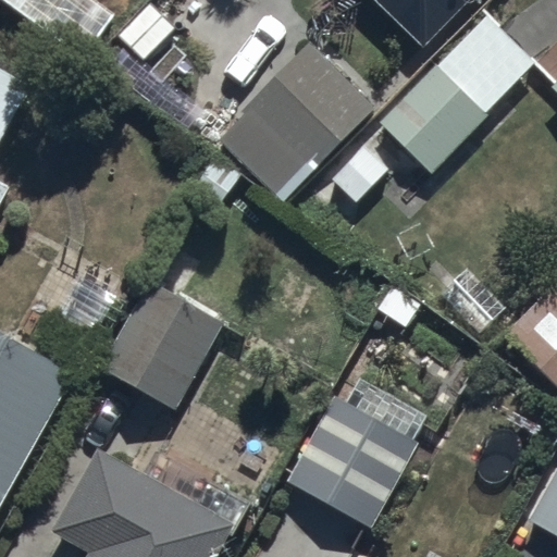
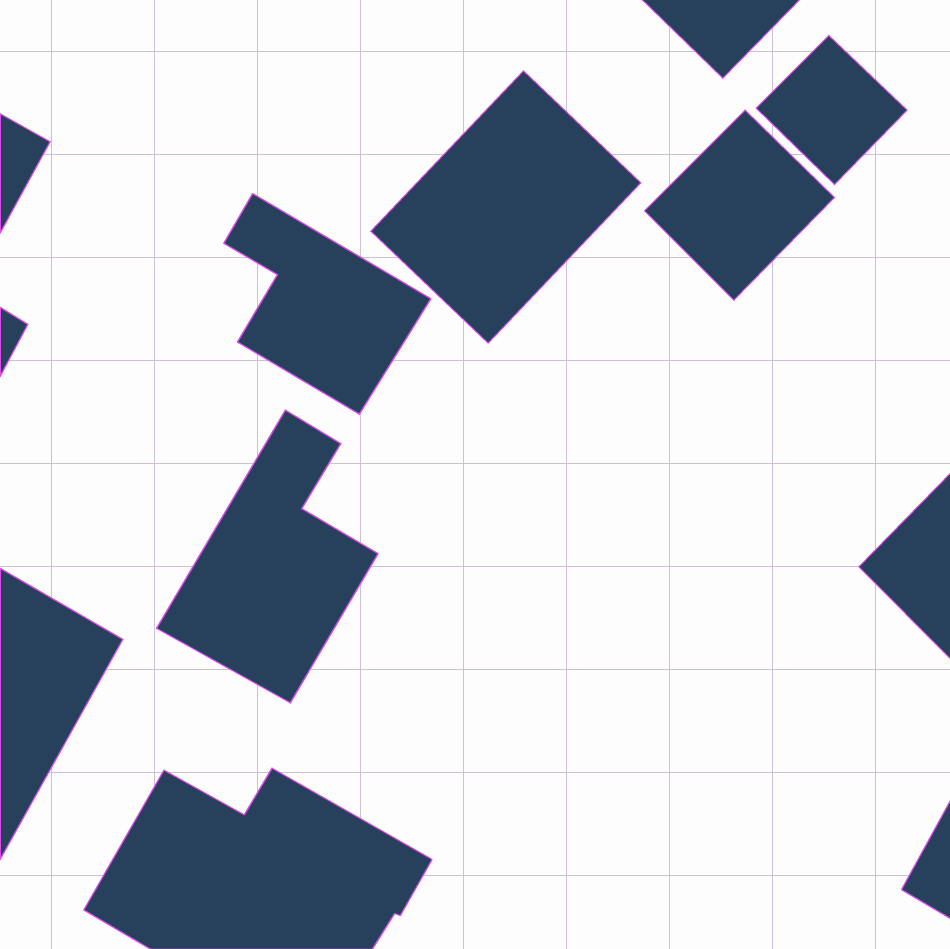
building: none -> [224,194,431,414]
building: [286,395,420,529] -> none

